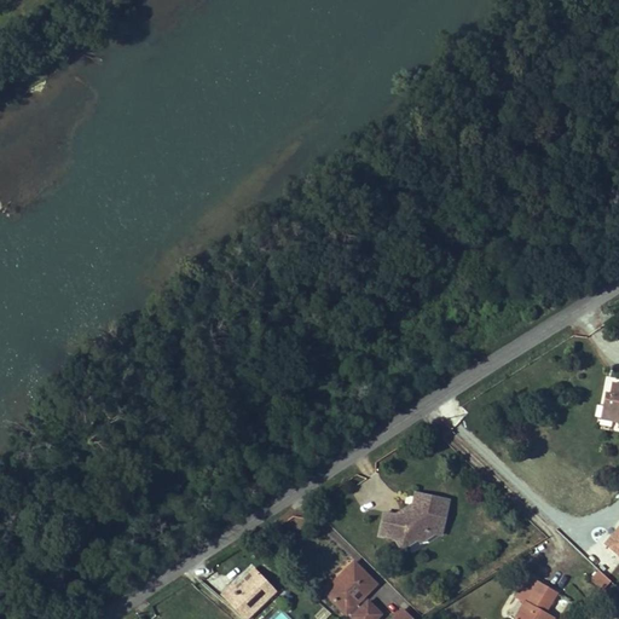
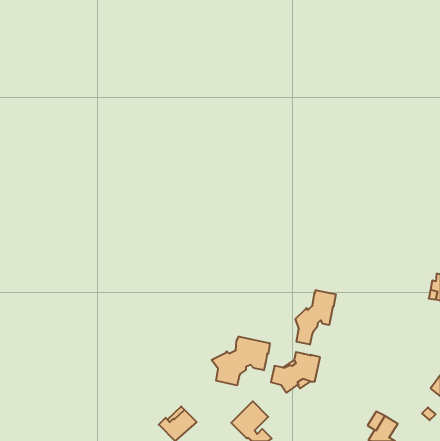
building: none -> [296,290,336,345]
building: none -> [212,336,270,385]

